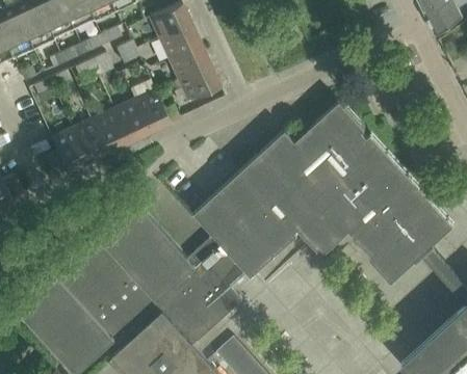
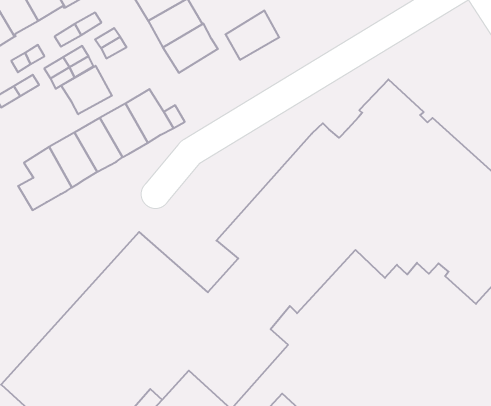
building: [178,65,219,102] -> [225,11,279,60]
building: none -> [61,66,112,114]

